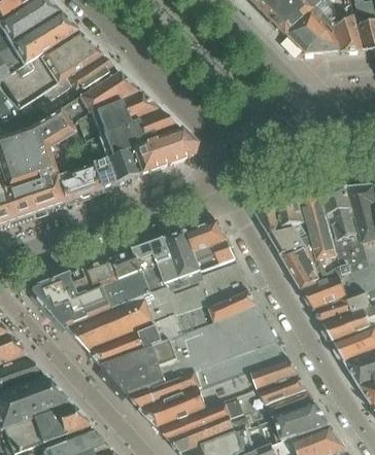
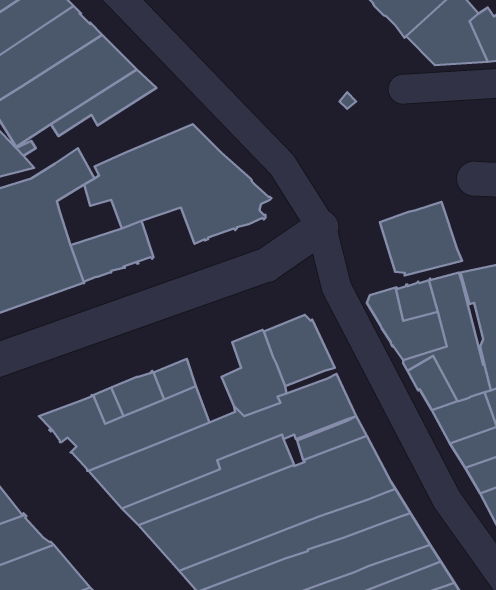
building: [62,72,140,130] -> none
building: none -> [380,202,462,275]
building: [105,149,141,183] -> none
building: [136,241,173,295] -> none

